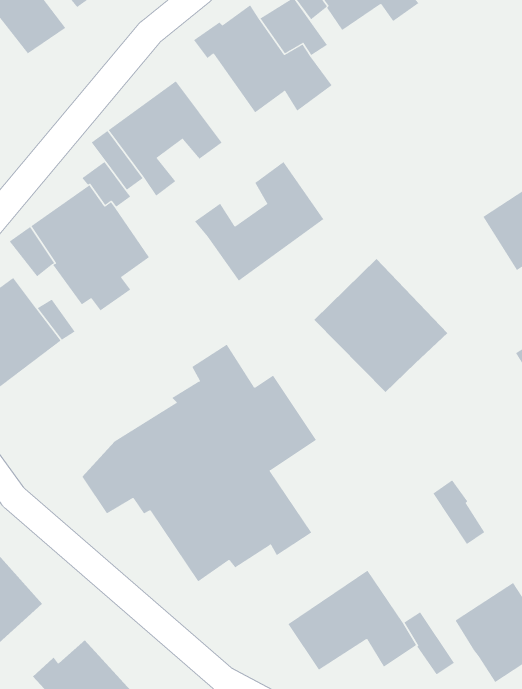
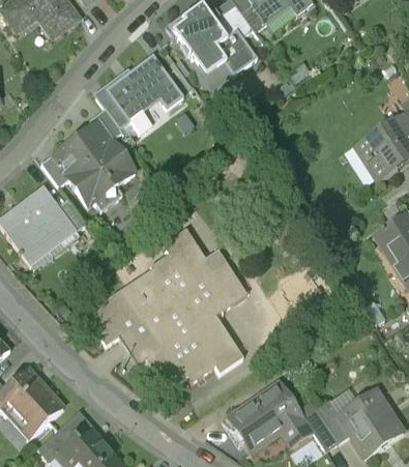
building: [194,161,324,282] -> none
building: [314,258,448,393] -> none
building: [432,480,485,545] -> [315,401,350,444]
building: none -> [56,412,90,444]

